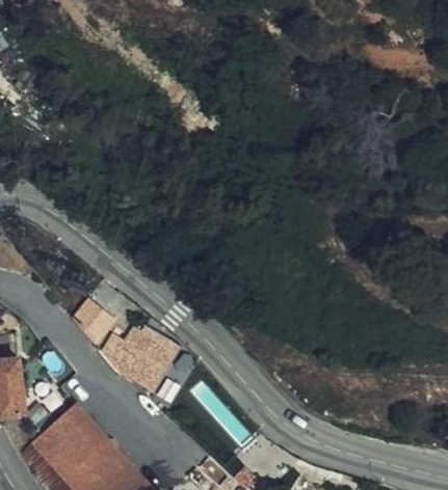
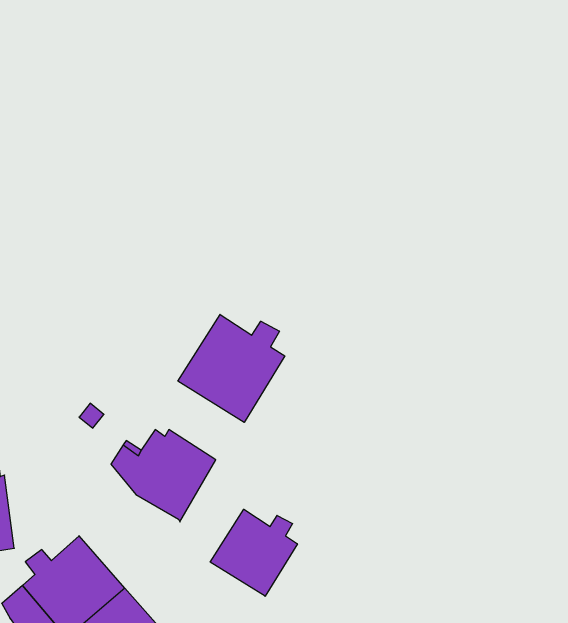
building: none -> [178,314,285,422]
building: none -> [210,509,297,596]

